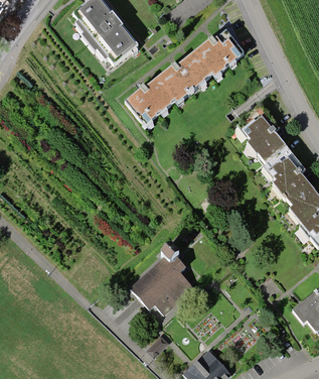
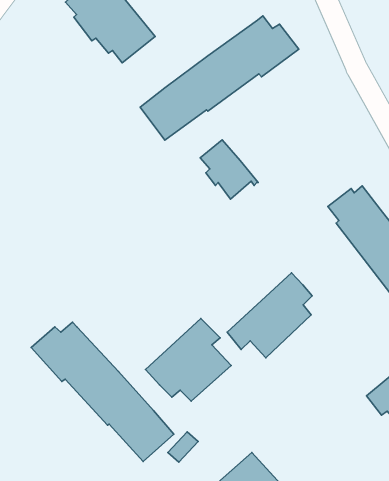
building: [246,118,288,161] -> [200,140,258,199]
building: none -> [227,273,312,358]
building: none -> [31,322,174,462]

